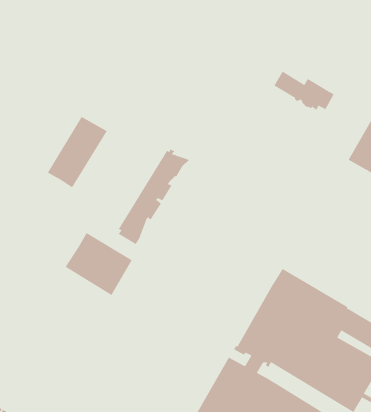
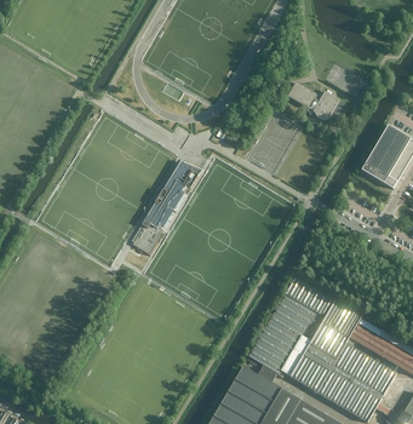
building: [47,116,108,188] -> none
building: [65,232,133,296] -> none

